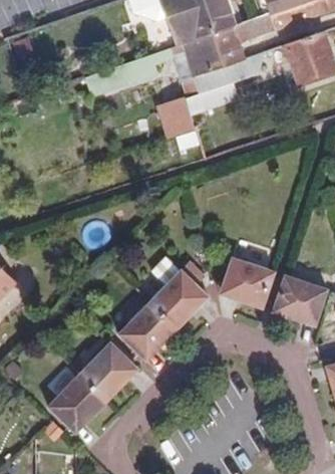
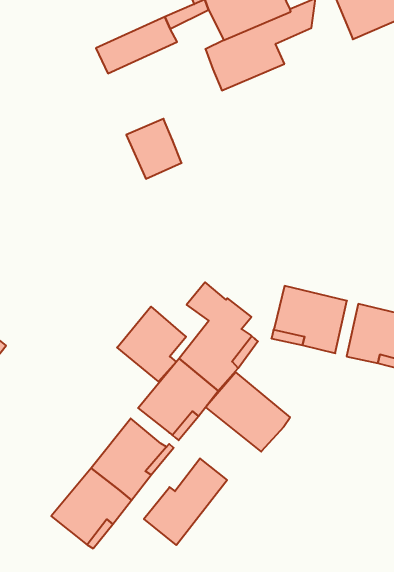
building: [164,95,203,138] -> [126,119,182,179]
building: none -> [117,307,186,382]
building: none -> [206,372,290,452]
building: none -> [144,458,227,545]

